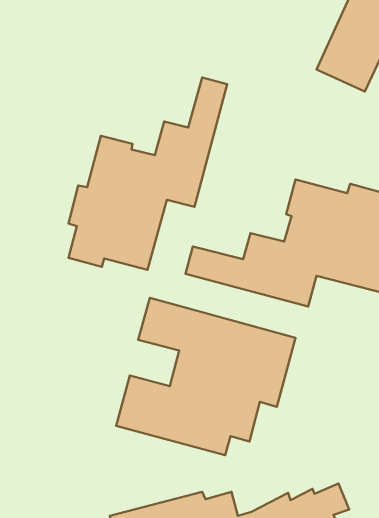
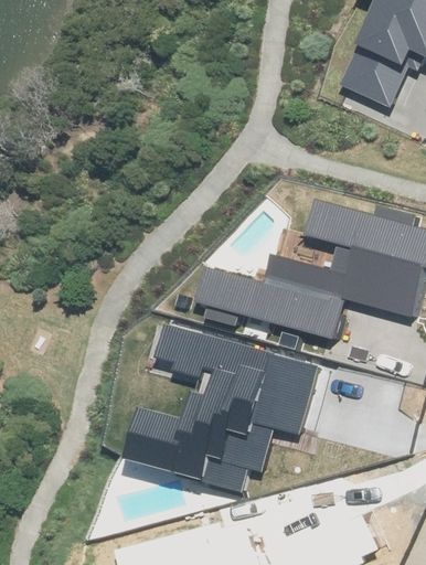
building: [68,78,227,270] -> none

